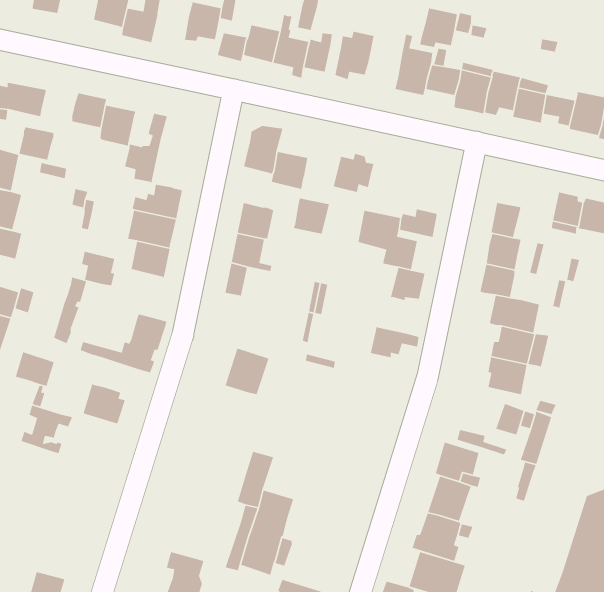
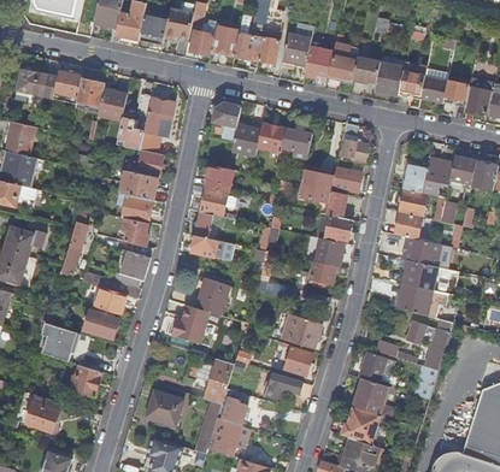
building: [419,8,458,48] -> [302,46,333,77]
building: none -> [139,17,166,45]
building: none -> [139,98,173,153]
building: [19,126,54,160] -> [53,70,81,96]
building: none -> [341,123,367,160]
building: none -> [420,157,453,195]
building: [293,198,330,235] -> [257,123,286,152]
building: [81,251,115,286] -> [122,217,148,244]
building: none -> [192,235,235,260]
building: none -> [316,237,343,266]
building: [15,351,55,387] -> [94,285,125,313]
building: none -> [171,303,210,343]
building: none -> [284,314,322,348]
building: none -> [283,346,312,376]
building: none -> [71,364,102,396]
building: none -> [266,372,310,397]
building: none -> [145,389,183,425]
building: none -> [25,394,61,431]

